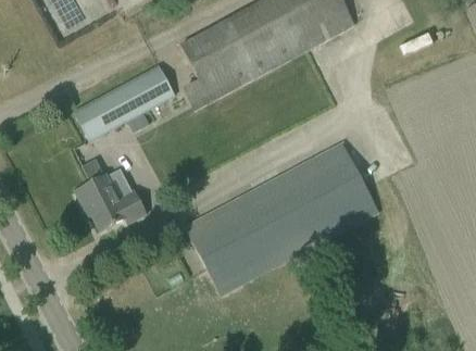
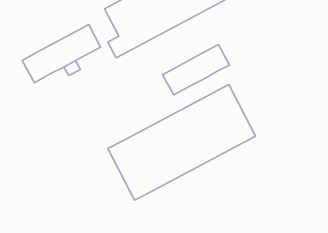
building: none -> [163,44,230,95]
building: [77,158,147,229] -> none

